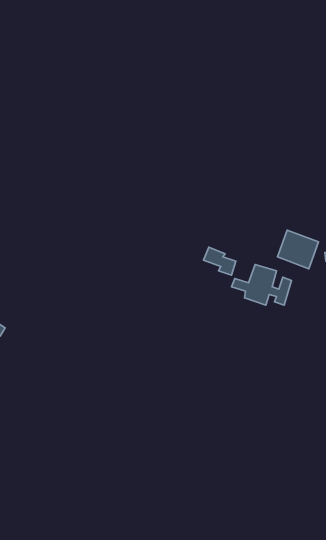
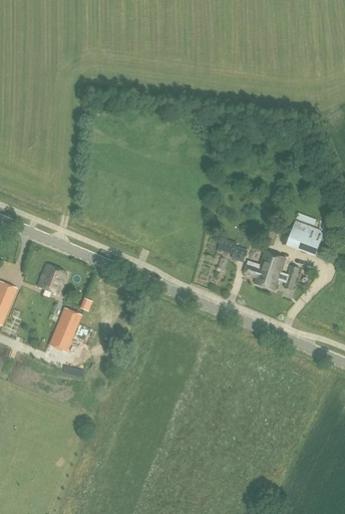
building: none -> [37,263,66,293]
building: none -> [51,308,79,350]

